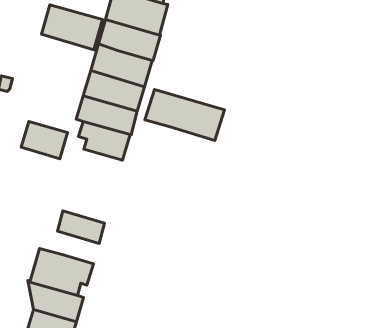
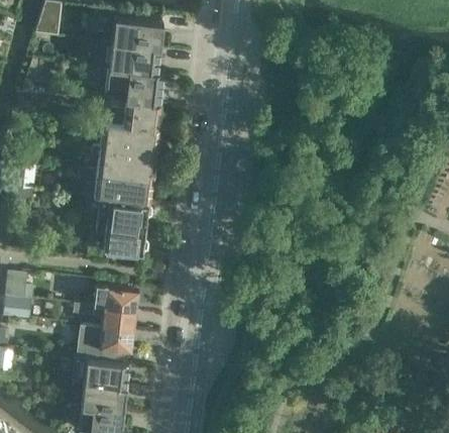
building: [42,5,103,50] -> none
building: [145,89,224,140] -> none
building: [21,122,67,159] -> [102,227,143,257]
building: none -> [92,309,134,334]

